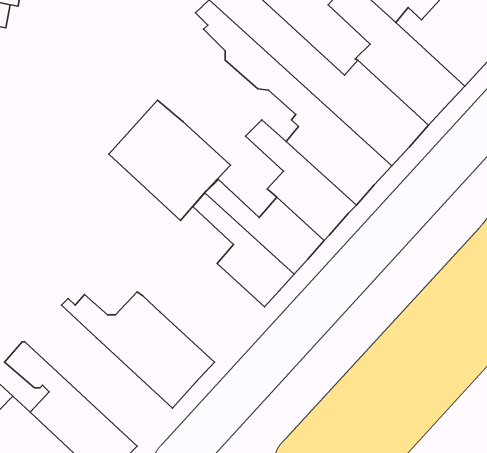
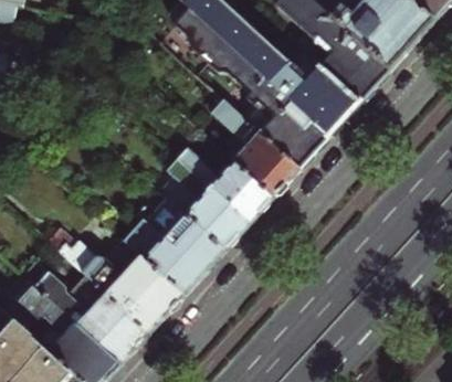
building: [109,100,231,221] -> [126,200,225,298]
building: none -> [30,268,150,367]

